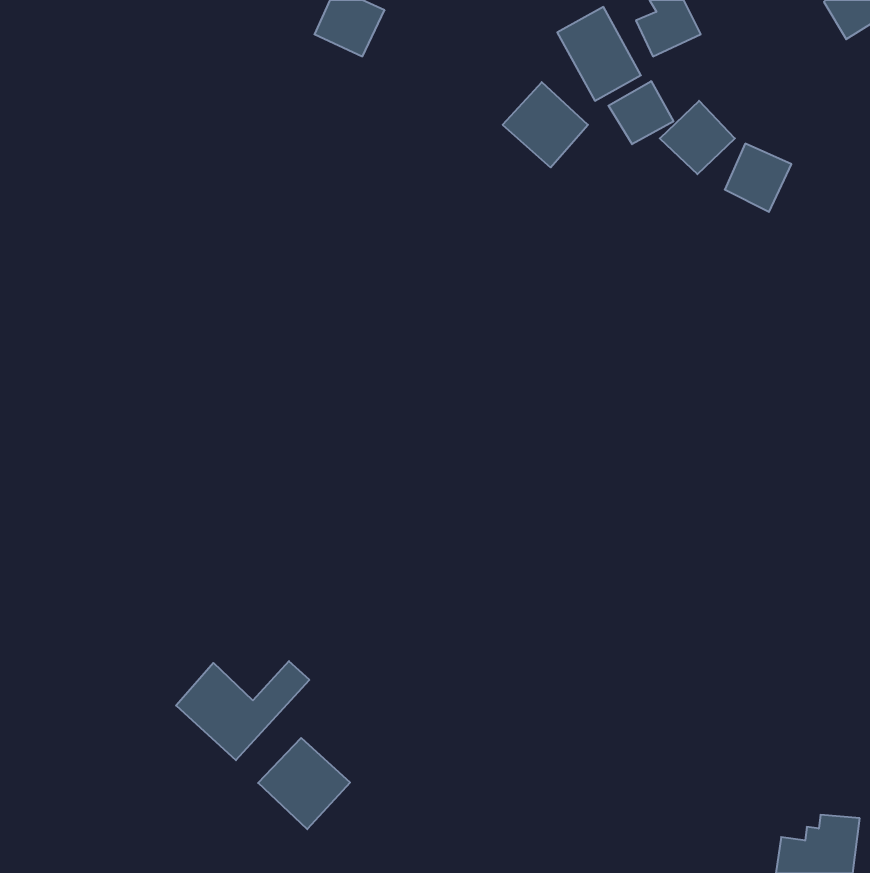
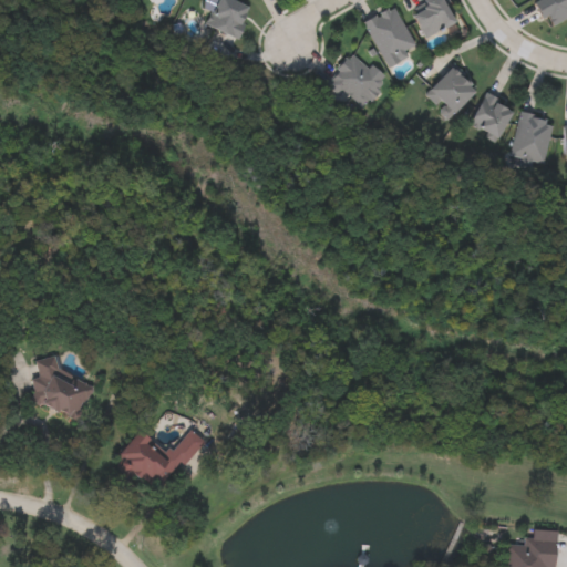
building: [608,81,673,144] -> none
building: none -> [511,110,555,164]
building: none -> [29,357,89,416]
building: [258,738,350,829] -> none

